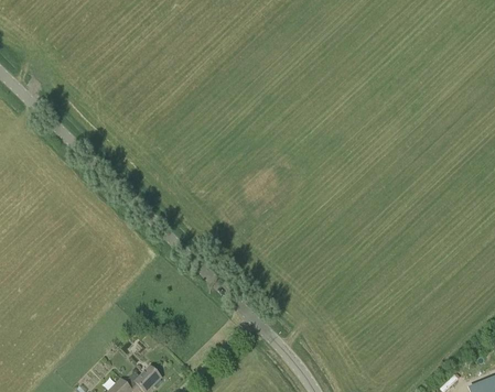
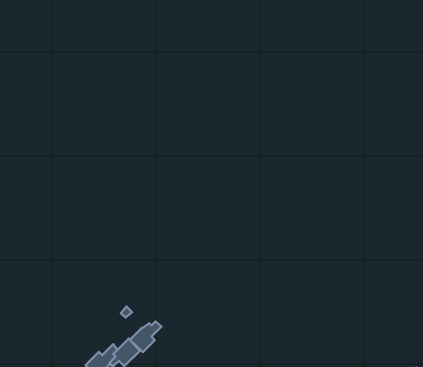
building: none -> [130,321,161,352]

